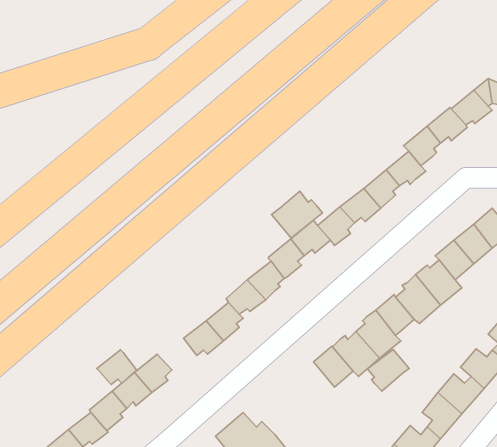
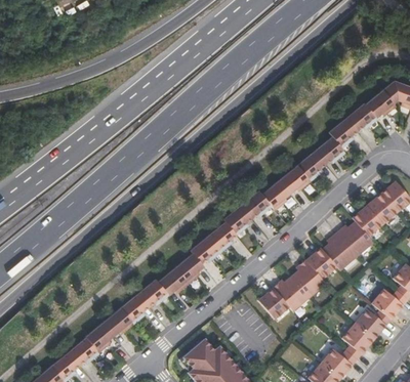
building: [272,191,322,238] -> none
building: [367,349,409,391] -> none
building: [97,350,136,384] -> [137,279,168,305]

